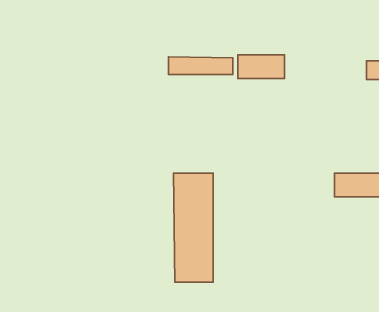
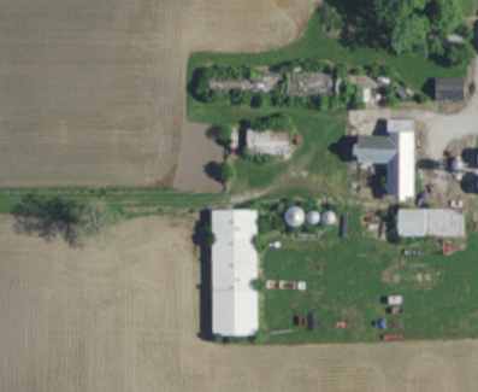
building: none -> [354,119,413,198]
building: none -> [246,129,288,154]

